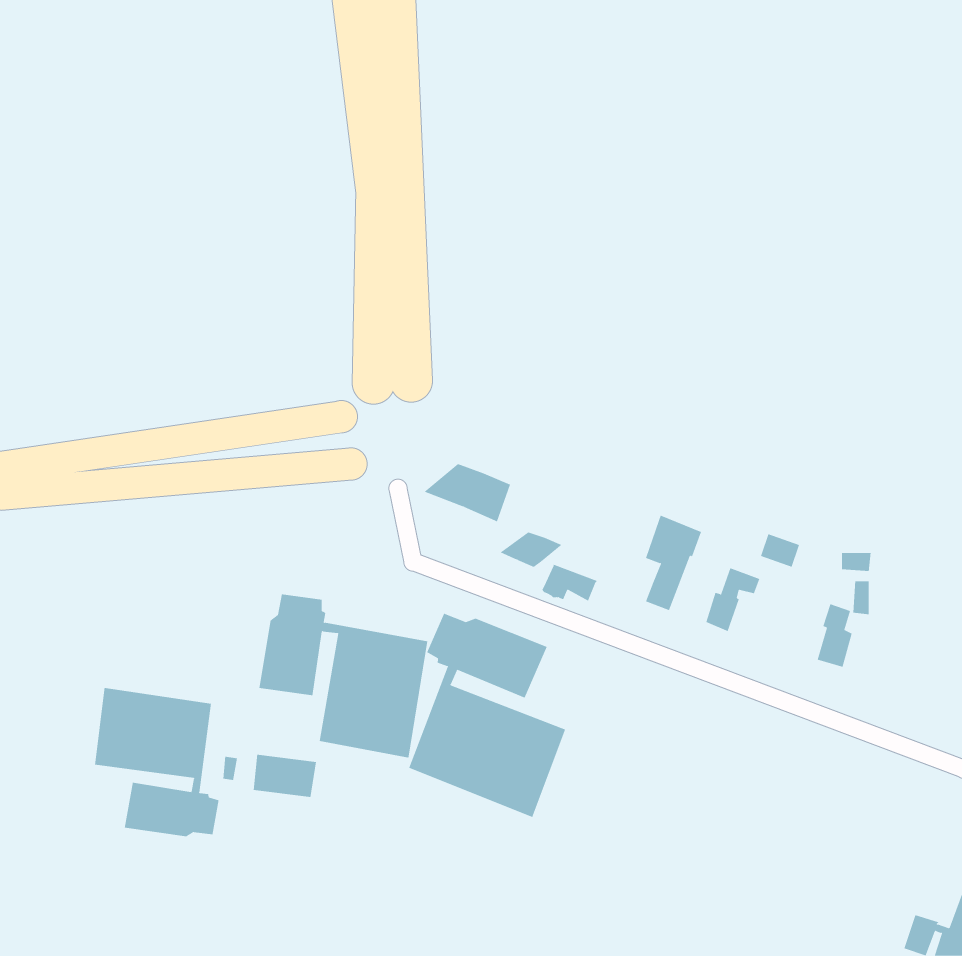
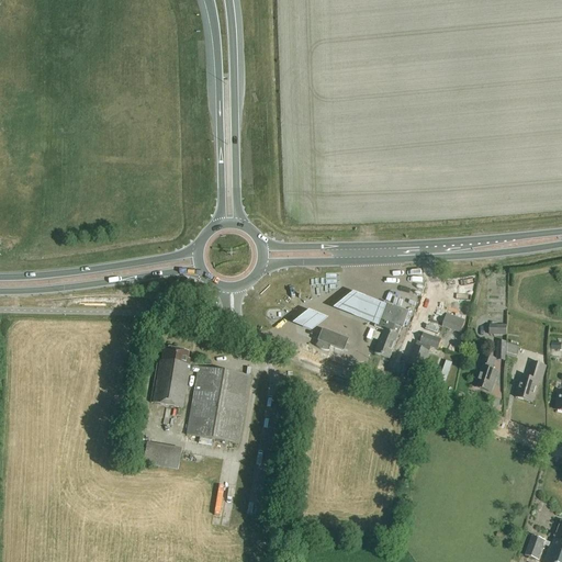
building: [424,464,511,522] -> [334,291,384,325]
building: [409,613,566,818] -> none
building: none -> [516,360,547,398]
building: [94,687,219,837] -> none

